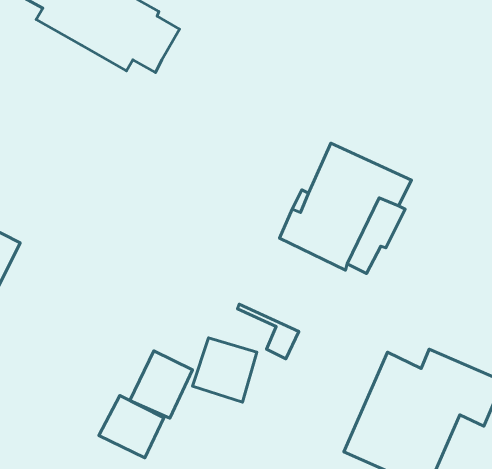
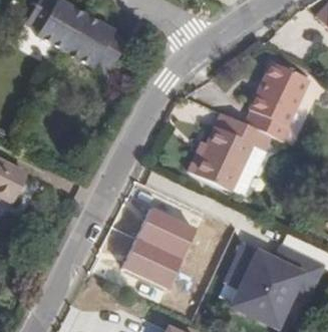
building: none -> [247,61,309,141]
building: [99,395,164,458] -> none

